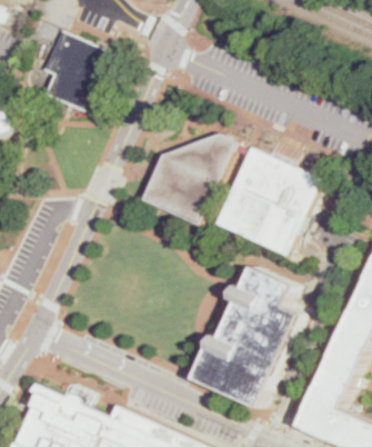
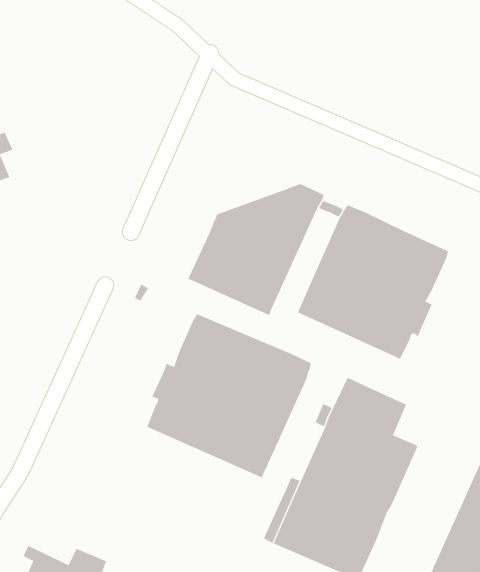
building: [38,30,105,111] -> none
building: none -> [147,313,311,478]

